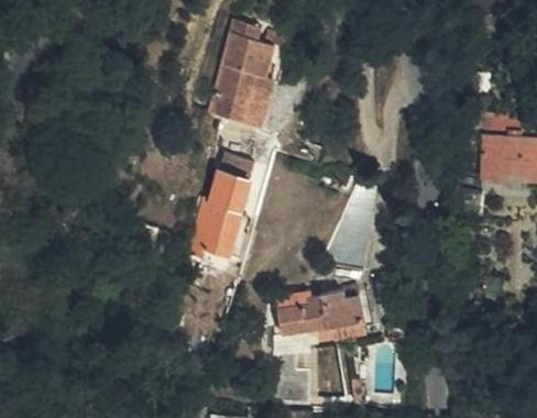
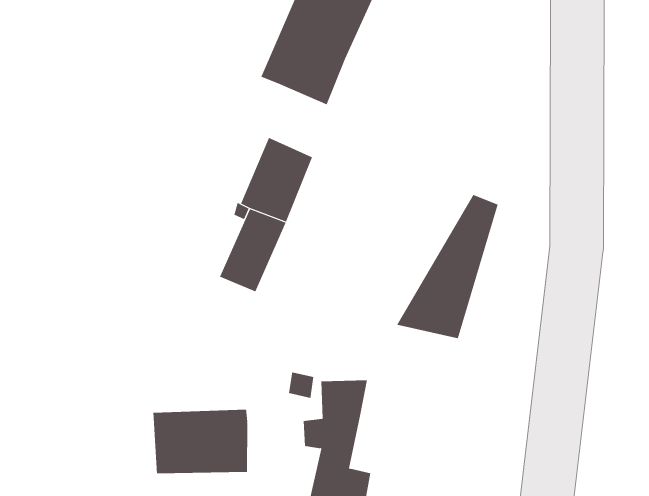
building: [307,289,361,329] -> none
building: none -> [153,409,248,474]

